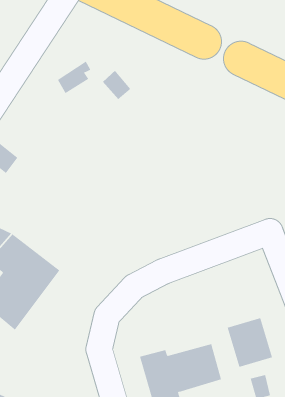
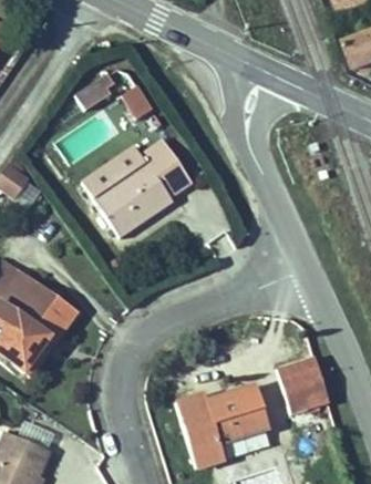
building: none -> [79,136,187,239]

